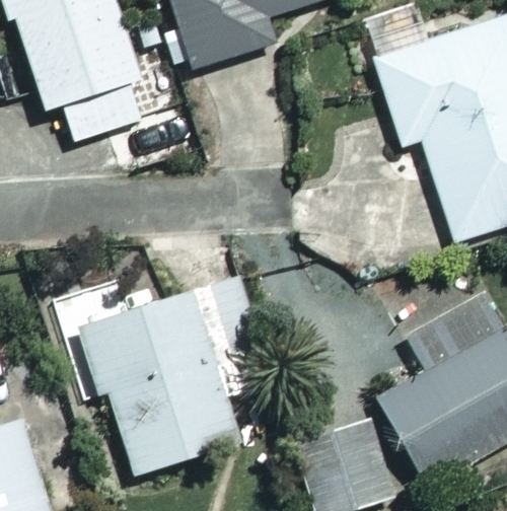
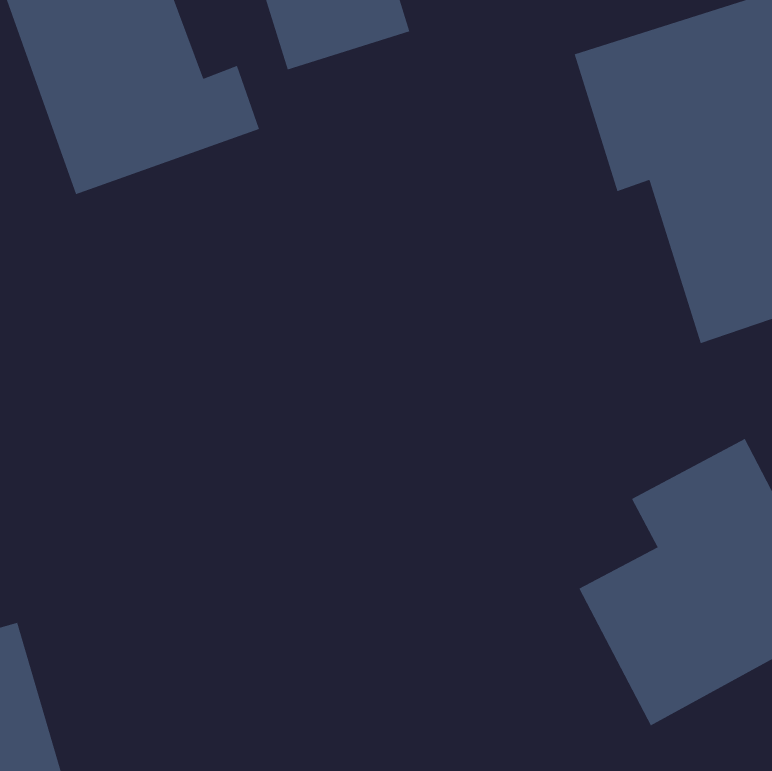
building: [84,288,238,471] -> none

